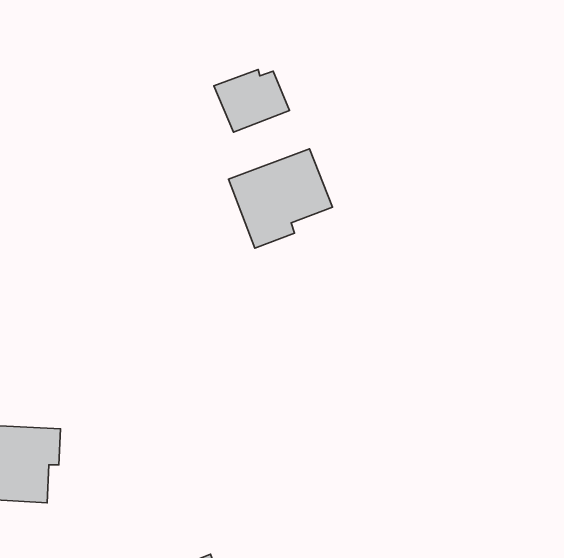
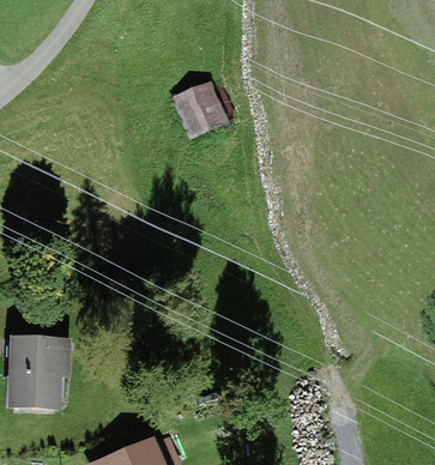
building: [229,149,333,248] -> none

